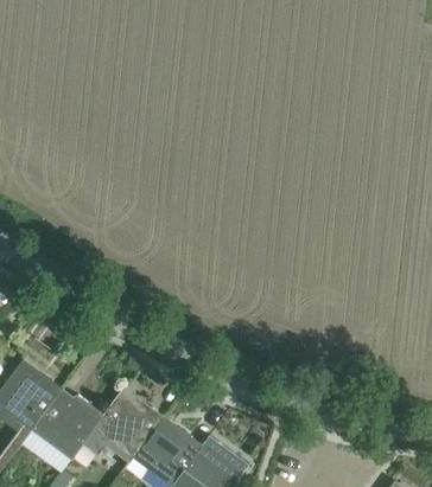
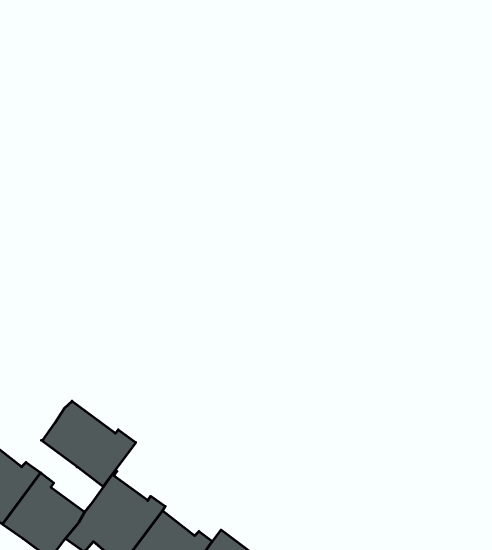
building: none -> [41,401,136,487]

